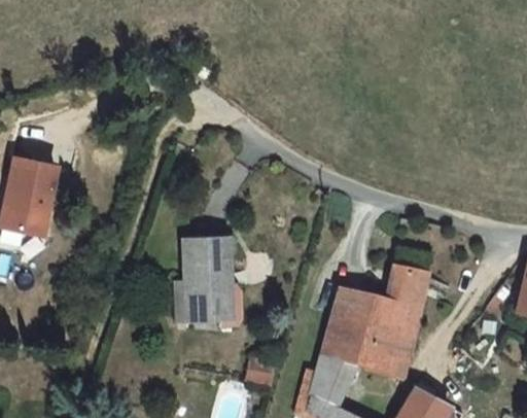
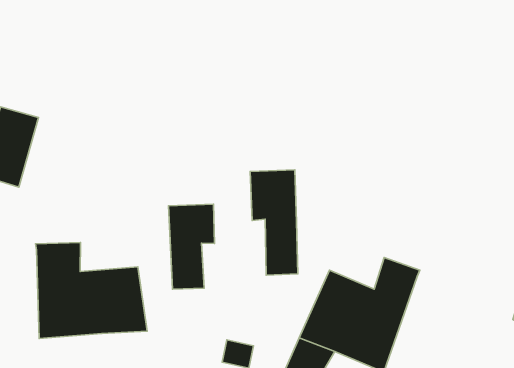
building: none -> [250,170,298,275]
building: none -> [36,242,147,339]

